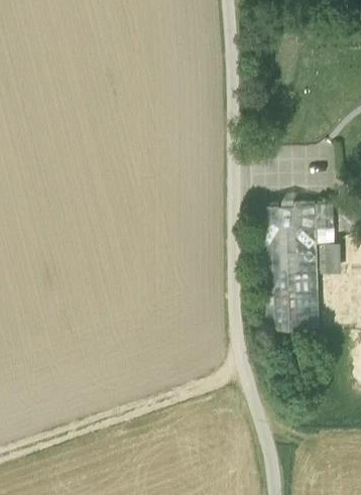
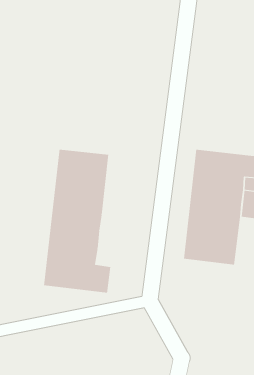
building: none -> [44,149,111,294]

